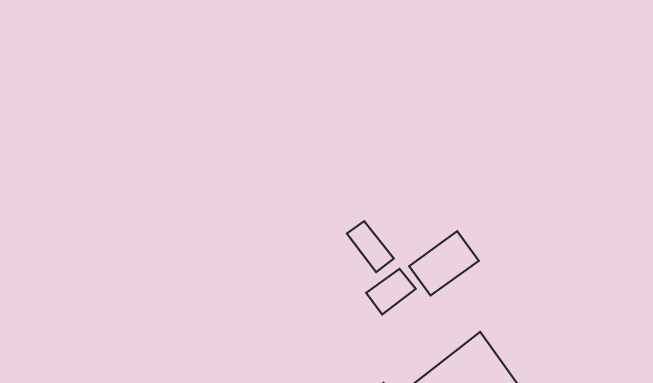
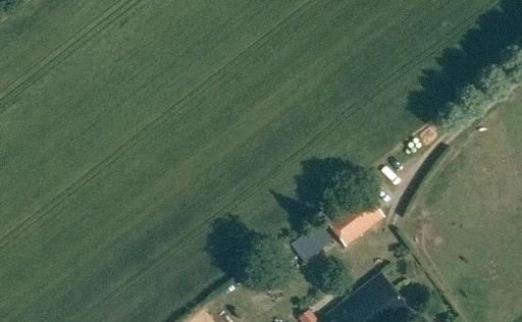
building: [347,221,394,272] -> none

